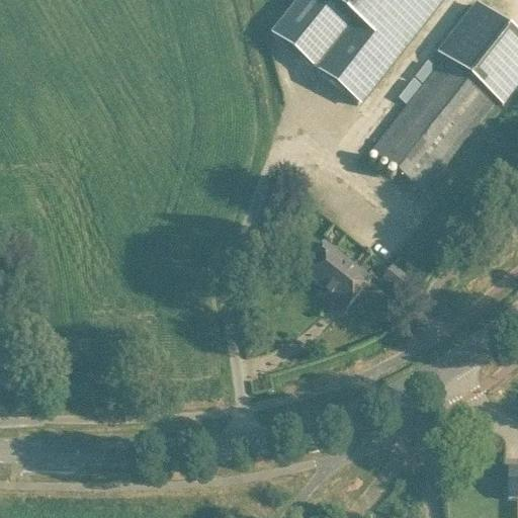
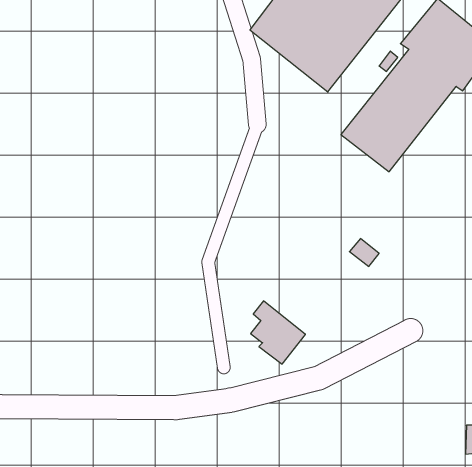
building: [313,238,372,307] -> [251,301,305,364]

